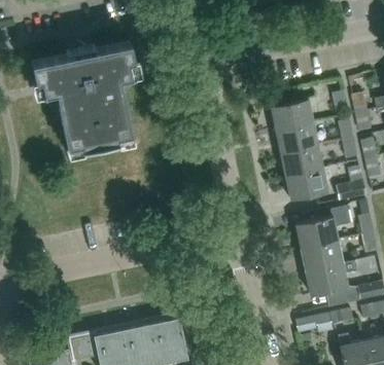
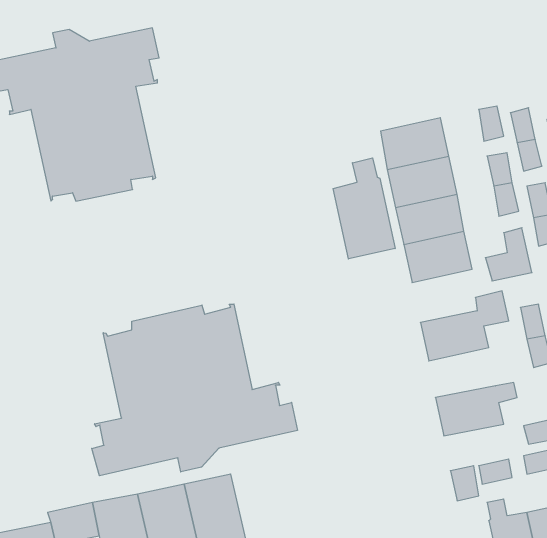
building: none -> [333,158,395,259]
building: none -> [92,304,297,476]
building: [302,241,343,271] -> none

